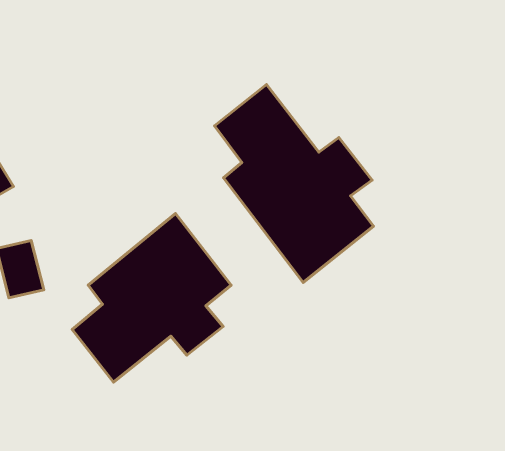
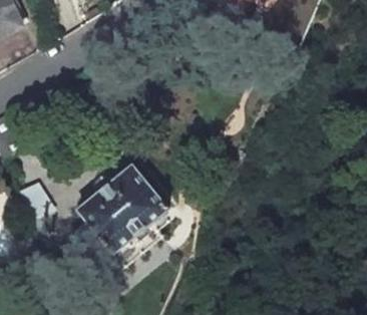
building: [214,85,374,282] -> none

